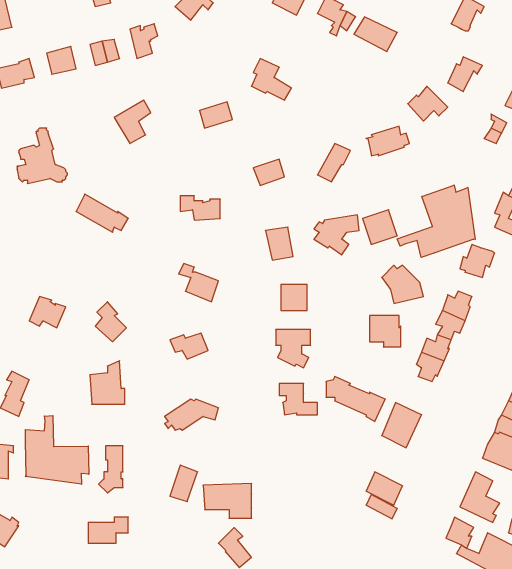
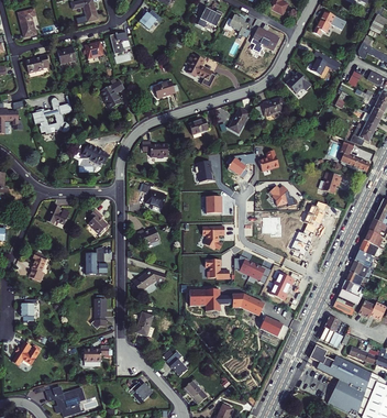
building: [397,185,475,257] -> none
building: [26,416,89,484] -> none
building: none -> [232,293,264,316]
building: [203,484,252,518] -> [189,288,220,310]

